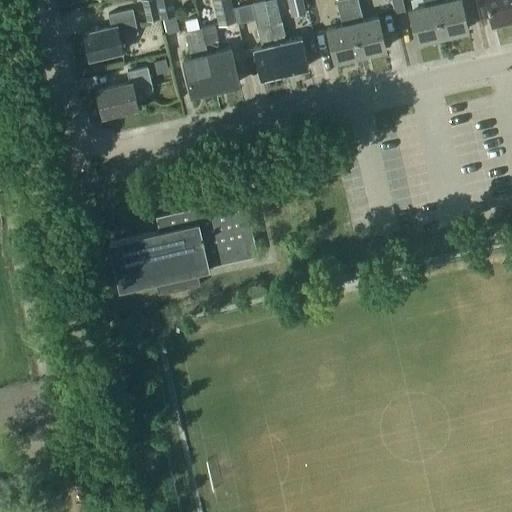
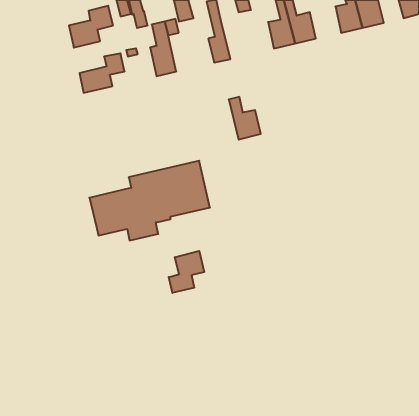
building: [269,24,308,76] -> [229,97,261,140]
building: [207,51,239,91] -> none
building: none -> [169,251,204,293]

